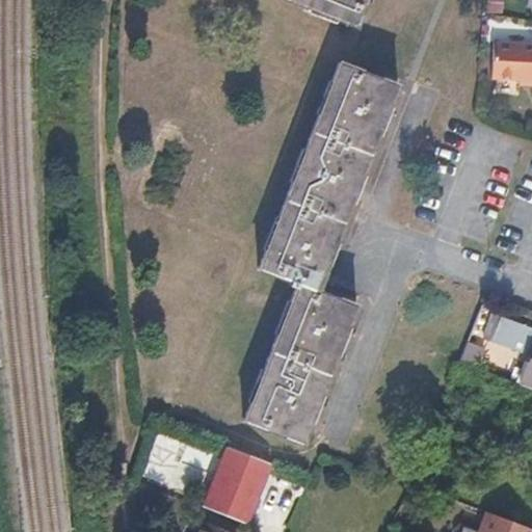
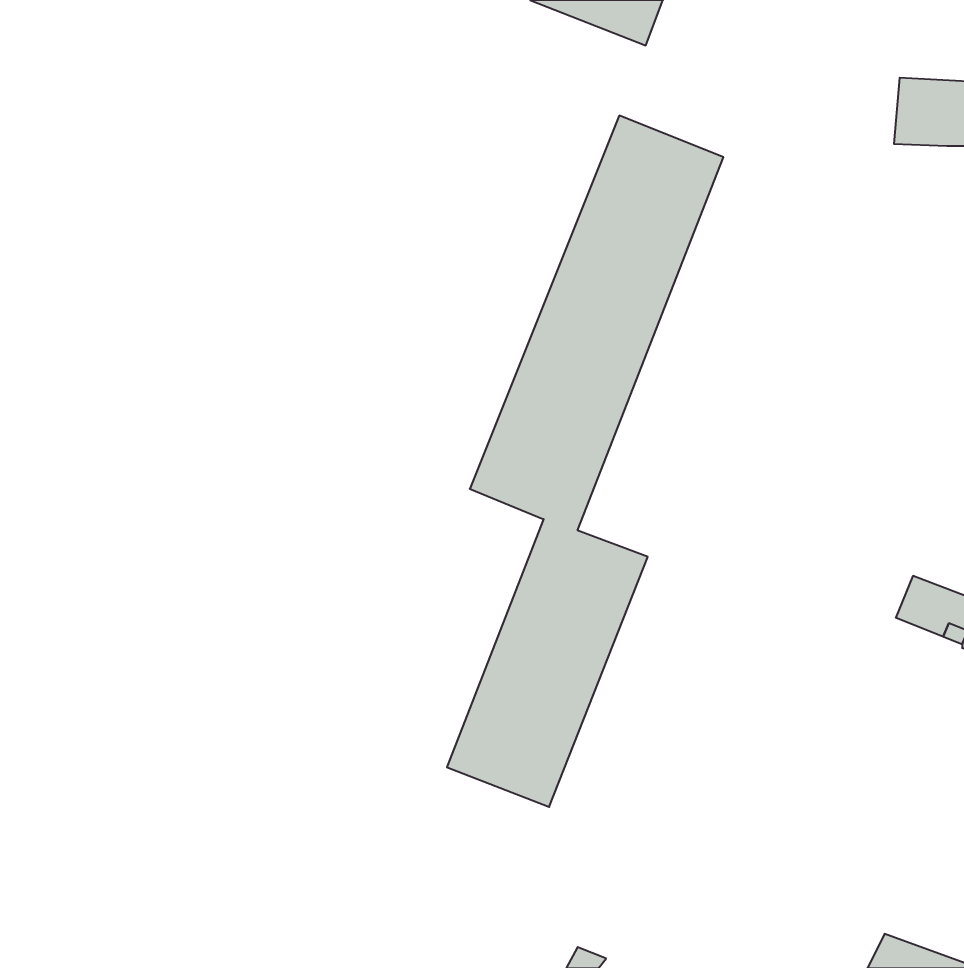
building: [208,448,270,522] -> none

